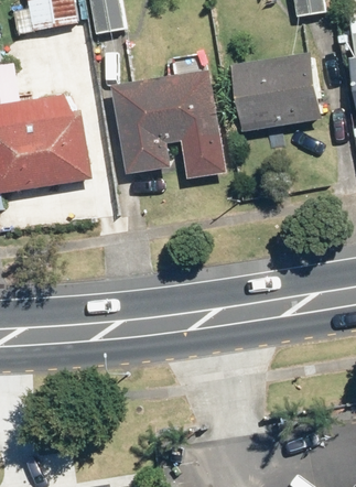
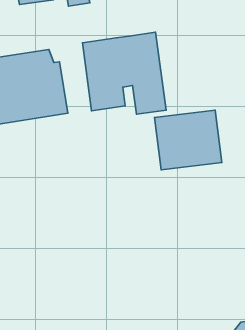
building: [233,52,323,132] -> [155,110,222,170]

